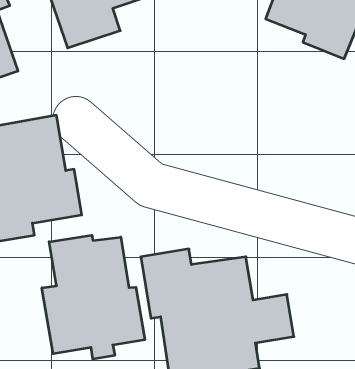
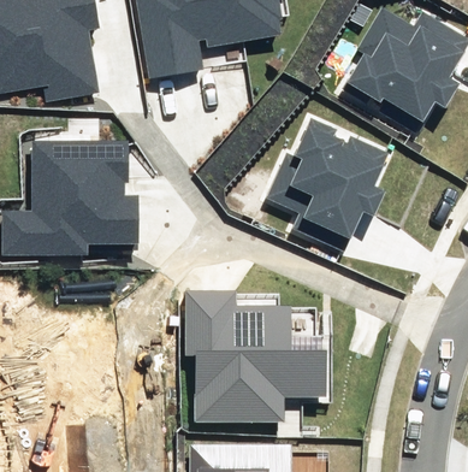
building: none -> [267,120,389,246]
building: [42,235,145,359] -> none

